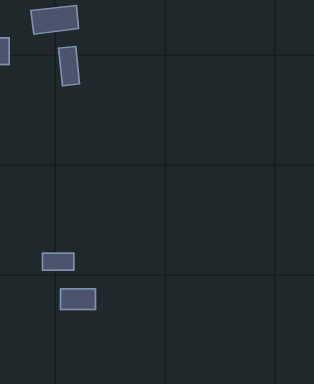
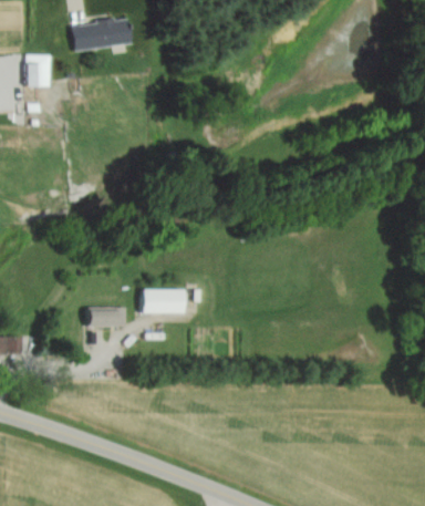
building: [59,46,80,86] -> none
building: [61,289,96,310] -> [142,289,183,313]

